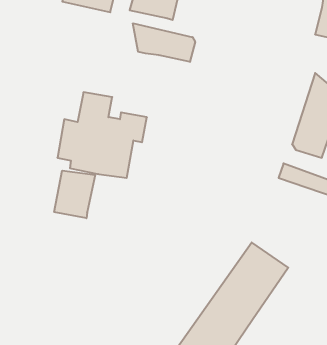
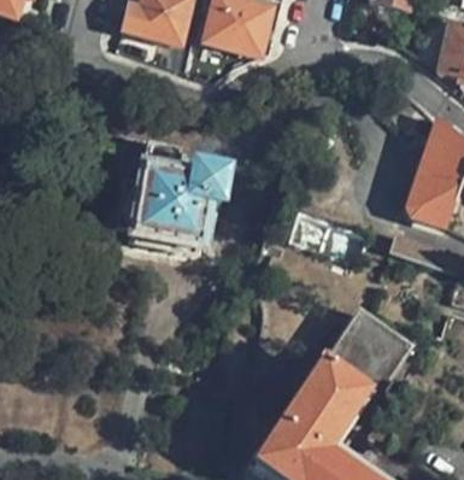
building: [133,23,195,62] -> none
building: [54,171,95,218] -> none

